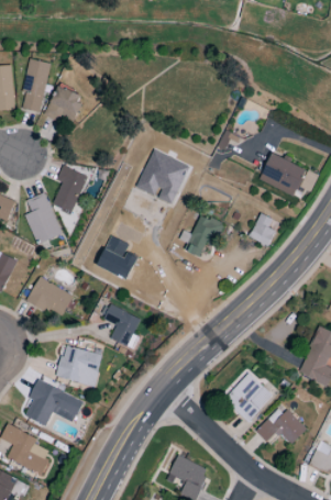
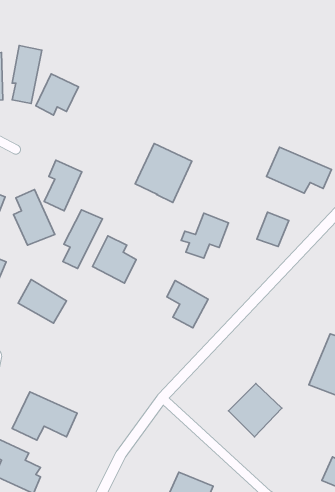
building: none -> [63,210,103,269]
building: [103,303,142,347] -> [167,280,208,328]
building: [56,345,102,386] -> none
building: [255,405,306,445] -> none

